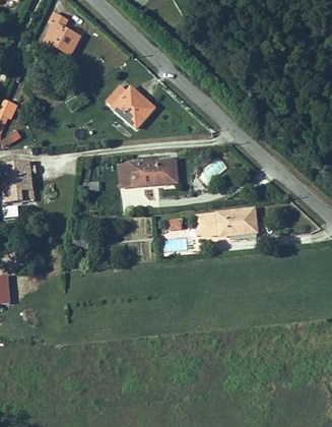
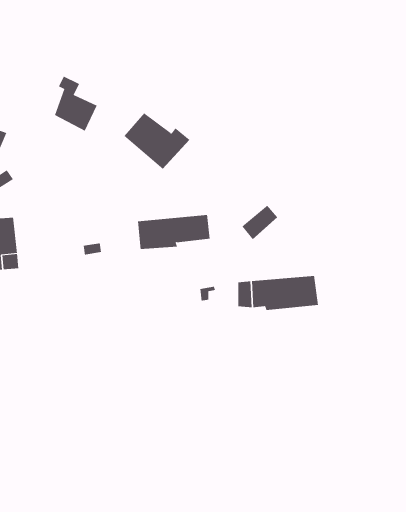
building: [50,12,82,54] -> [54,76,97,131]

